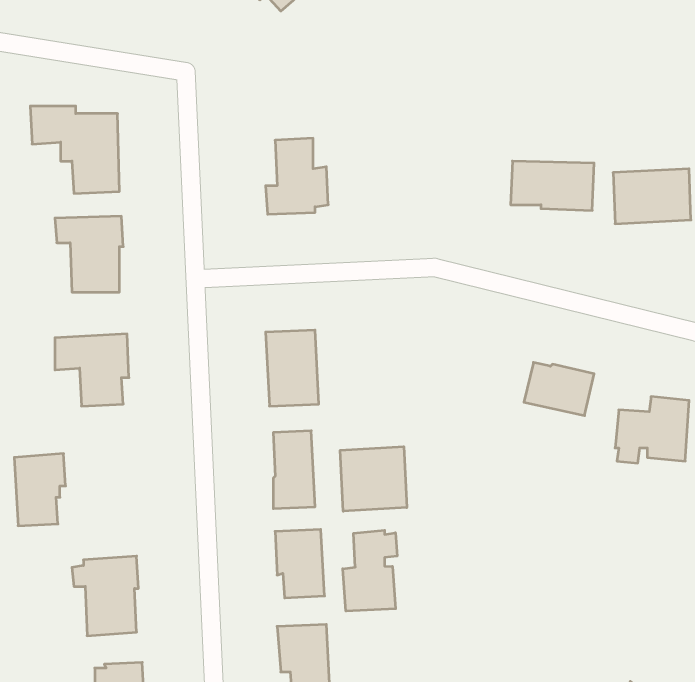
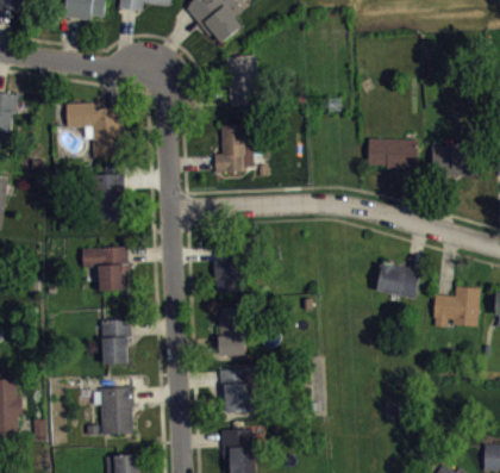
building: none -> [224,55,262,111]
building: [340,447,407,511] -> none
building: [14,454,66,526] -> [100,318,132,363]
building: [343,530,397,611] -> none

